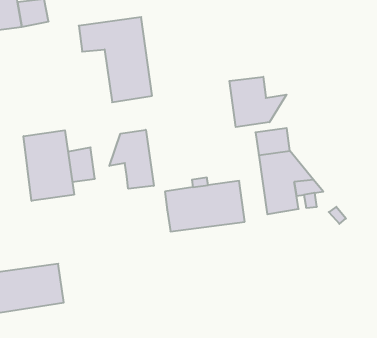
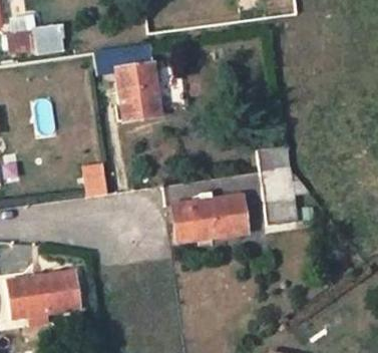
building: [229,77,287,127] -> none
building: [109,130,154,189] -> none
building: [24,130,74,201] -> none

